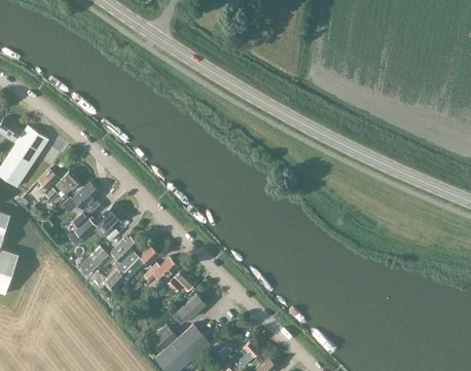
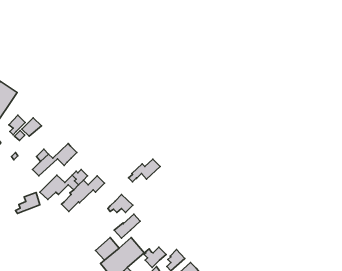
building: [72,181,101,215] -> none
building: [139,257,179,286] -> [129,159,160,182]
building: none -> [16,192,40,213]

